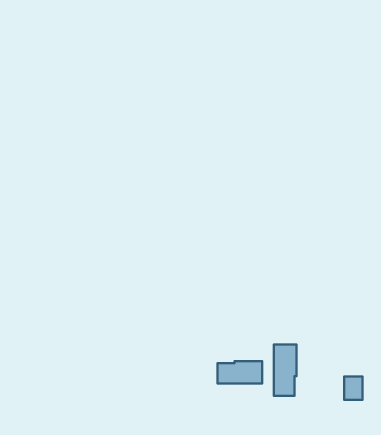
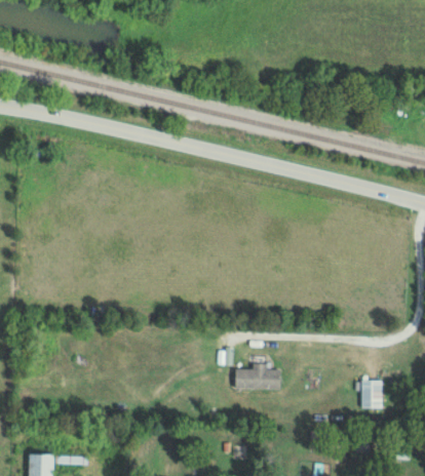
building: [274,345,297,396] -> none

